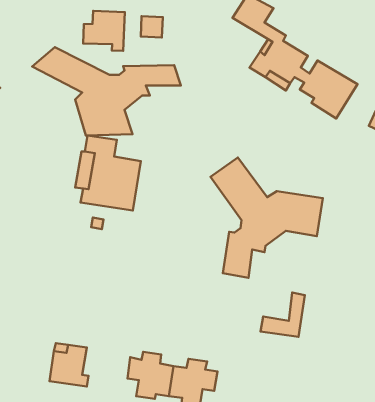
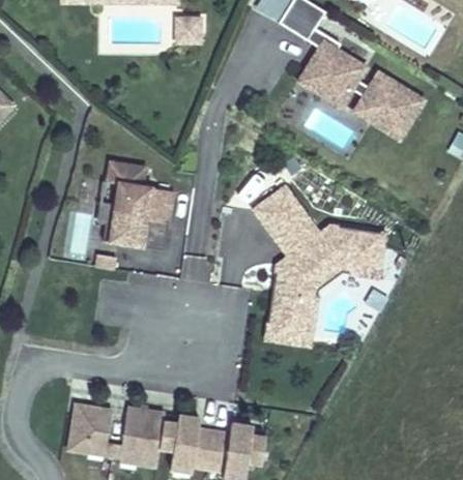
building: [83,11,125,51] -> none
building: [32,47,181,135] -> none
building: [260,293,305,337] -> [266,293,318,344]
building: none -> [110,404,162,462]

